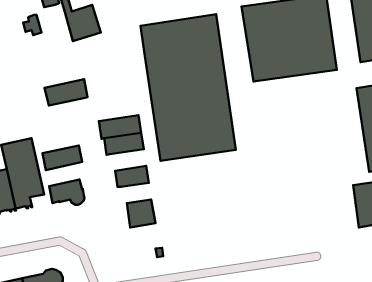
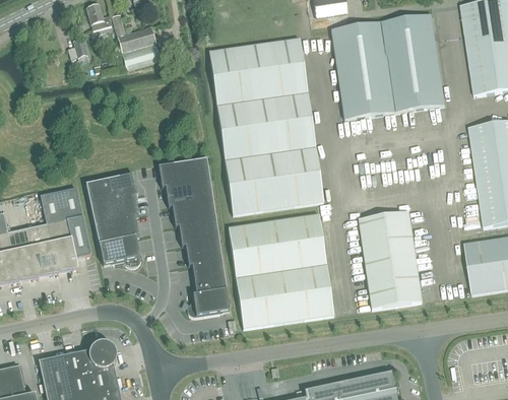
building: [45,79,88,105] -> [85,173,137,204]
building: none -> [172,199,215,225]
building: none -> [358,210,422,309]
building: none -> [228,213,333,327]
building: none -> [94,215,139,244]
building: none -> [185,240,221,265]
building: none -> [187,288,230,316]

